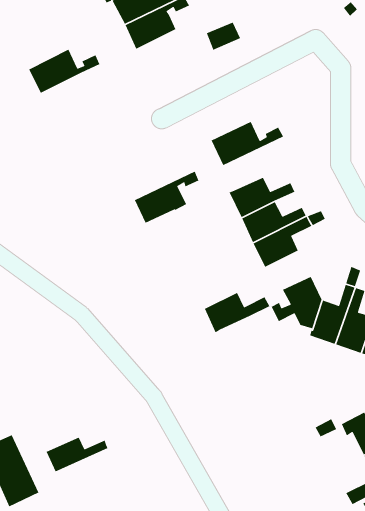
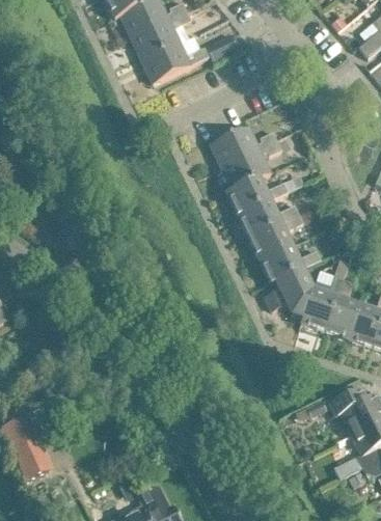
building: [28,49,100,94] -> [141,40,208,82]
building: [134,171,200,224] -> [221,139,281,188]
building: [204,292,270,333] -> [260,244,321,282]
building: [46,437,109,473] -> none

